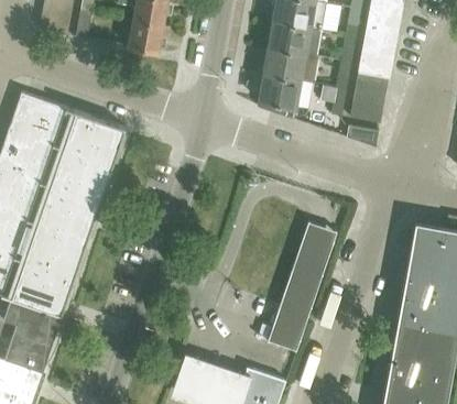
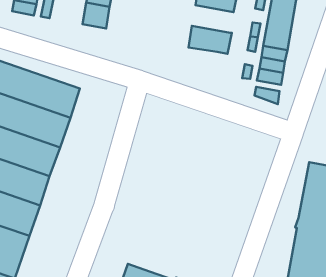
building: [268,23,320,58] -> none
building: [258,77,300,120] -> none
building: [268,222,337,351] -> none

